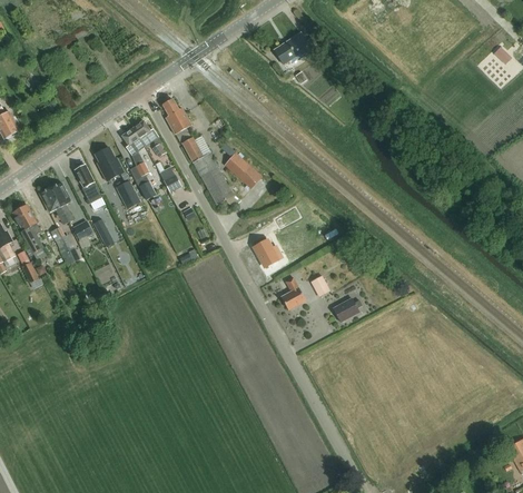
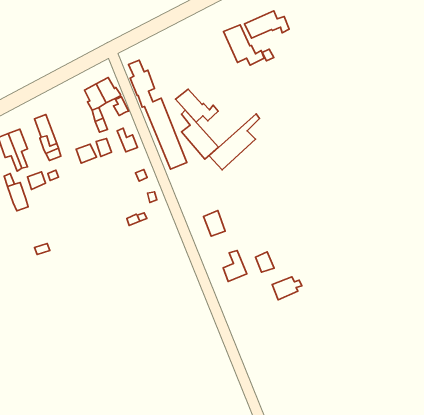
building: none -> [223,25,264,65]
building: none -> [176,89,218,122]
building: none -> [209,114,260,170]
building: [95,147,125,180] -> none

